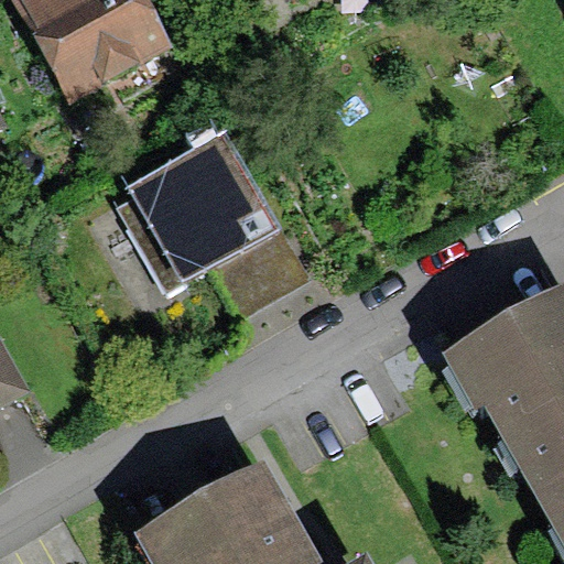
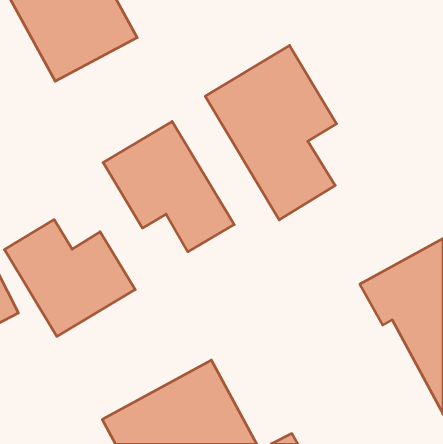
building: none -> [205,45,337,220]
building: none -> [4,220,135,336]

